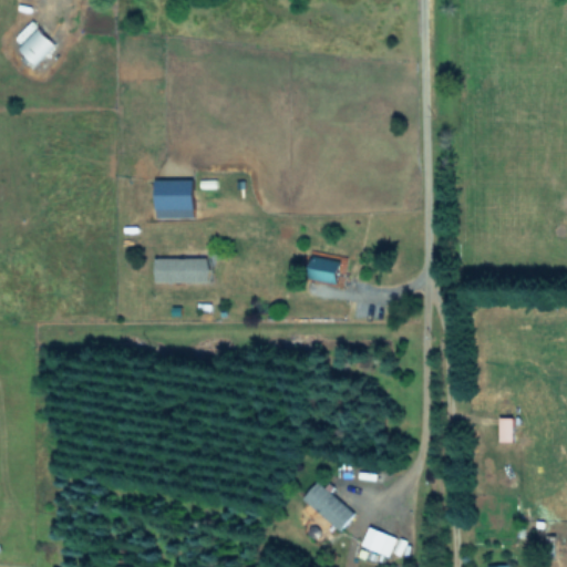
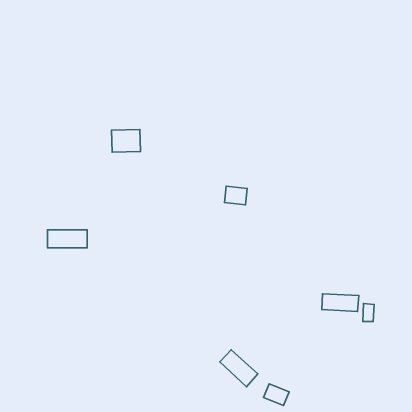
building: [18,28,54,64] -> none
building: [155,258,209,282] -> [48,230,87,248]
building: none -> [322,294,359,312]

